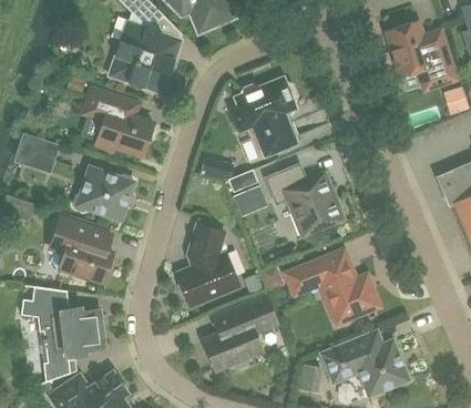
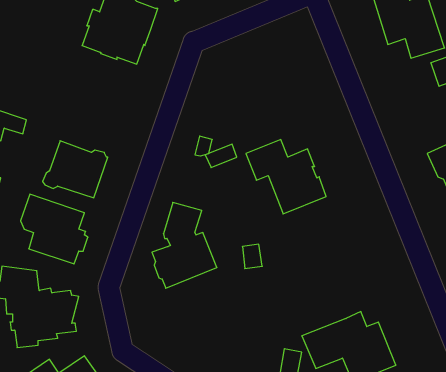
building: [234,78,296,156] -> none
building: [81,88,154,156] -> none
building: [233,186,267,216] -> none
building: [285,251,379,325] -> none
building: [203,297,276,370] -> none

